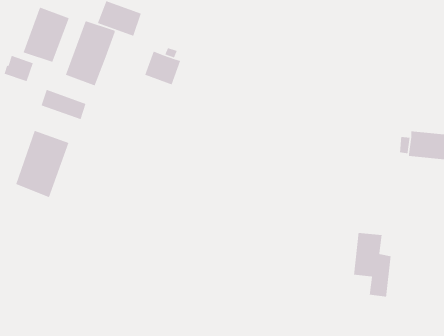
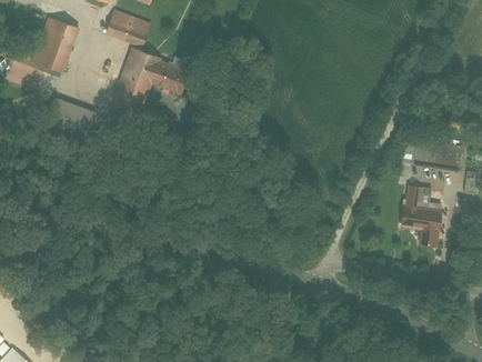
building: [65,20,116,87] -> [110,48,160,113]
building: [15,130,70,198] -> none
building: [353,232,391,298] -> [402,184,440,249]

